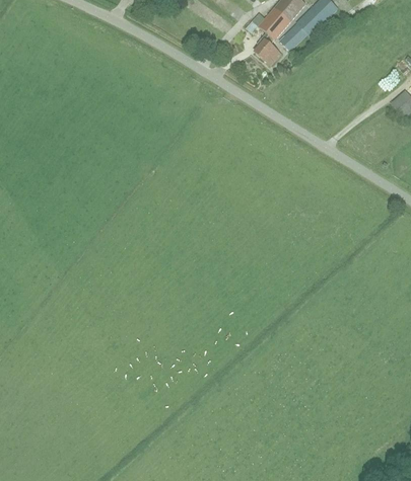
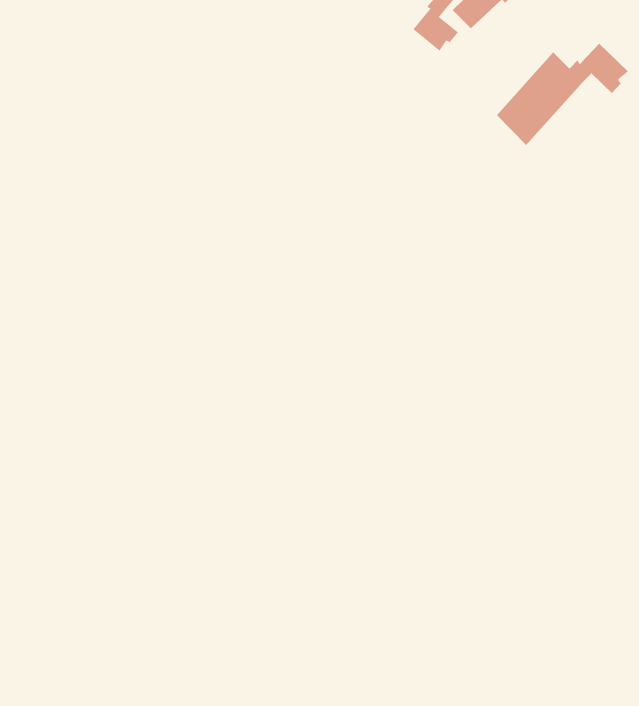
building: none -> [496,43,629,146]

